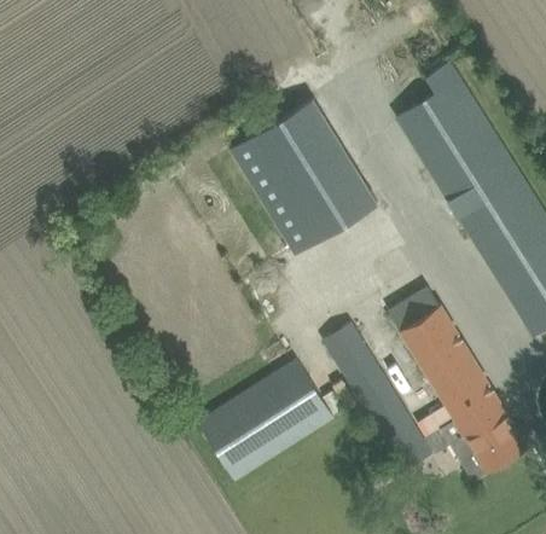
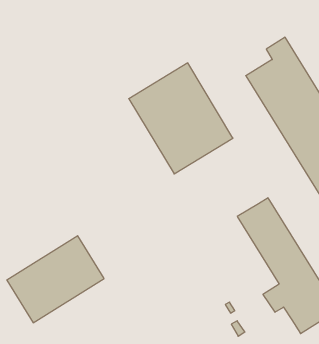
building: [324,323,432,471] -> none
building: [197,359,335,482] -> [7,236,104,323]

